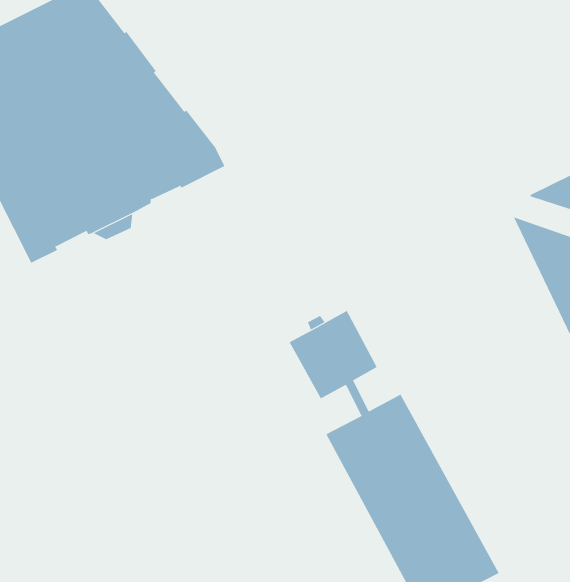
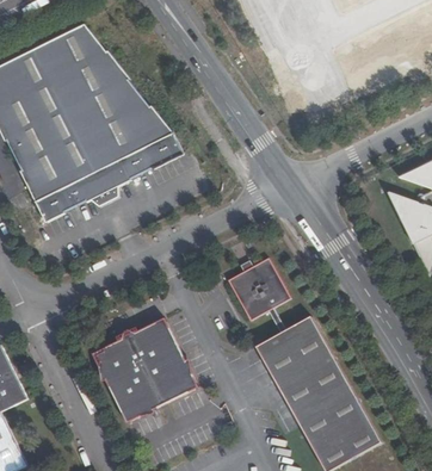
building: none -> [95,317,198,421]

